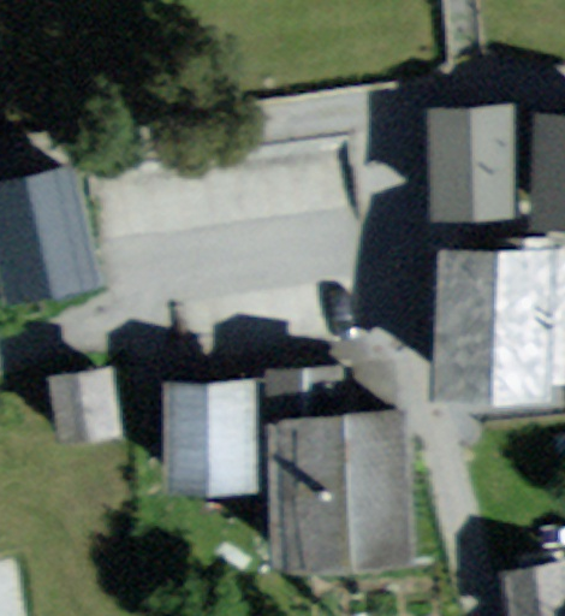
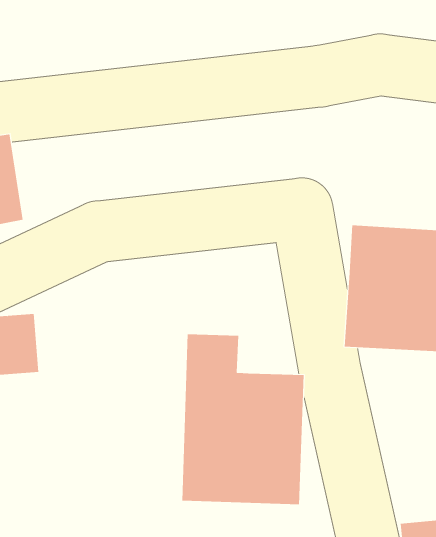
building: [435,111,517,211] -> none
building: [162,397,242,486] -> none

